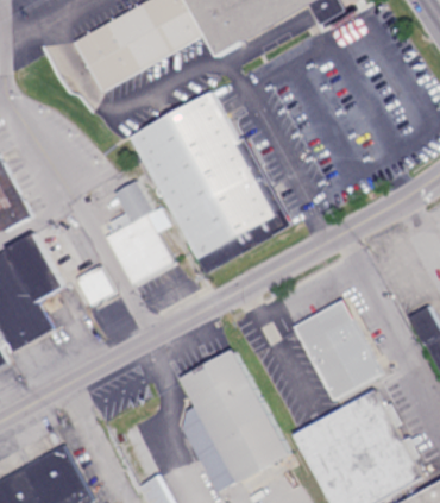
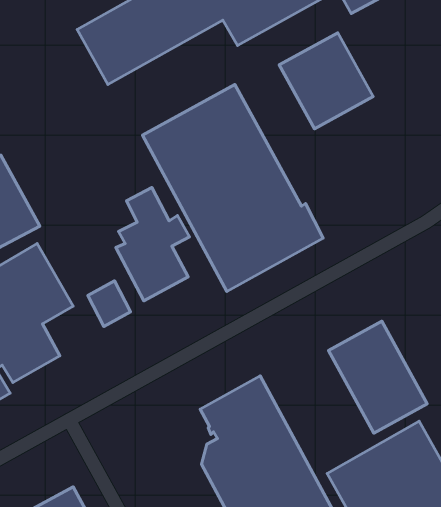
building: none -> [279,33,373,129]

